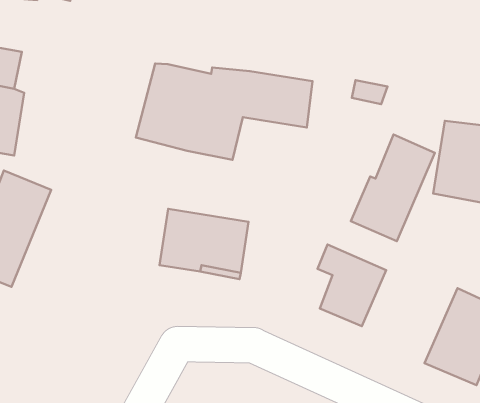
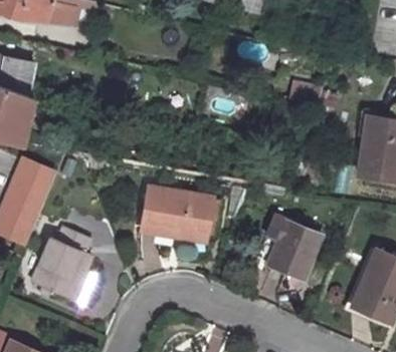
building: [136,64,312,160] -> none
building: [351,134,435,241] -> none
building: none -> [32,226,90,299]

